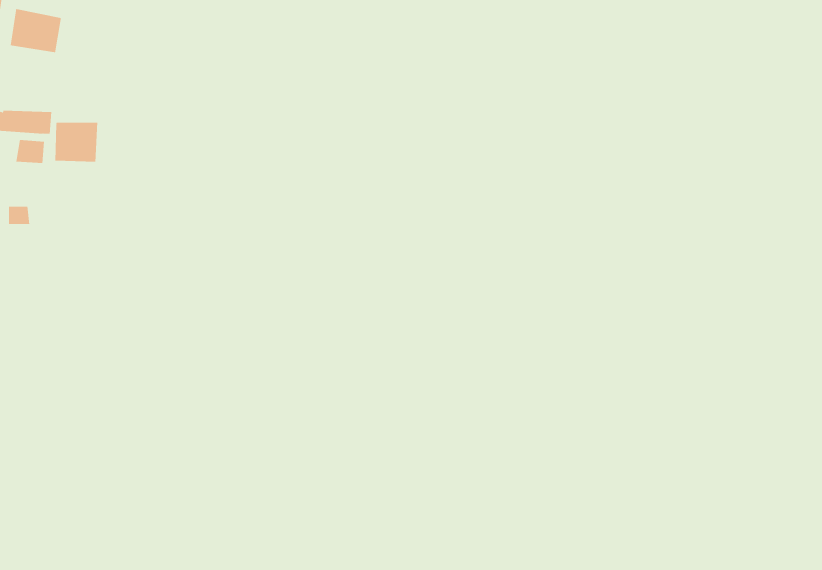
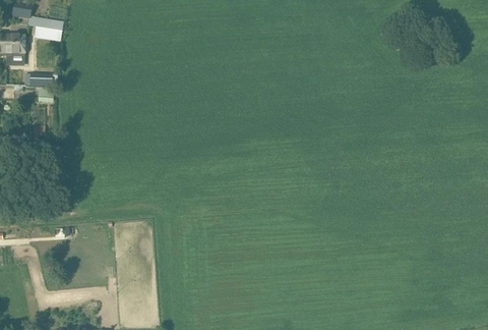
building: [55,122,98,163] -> none

